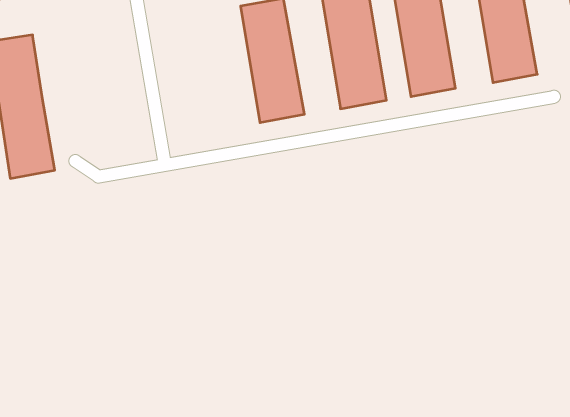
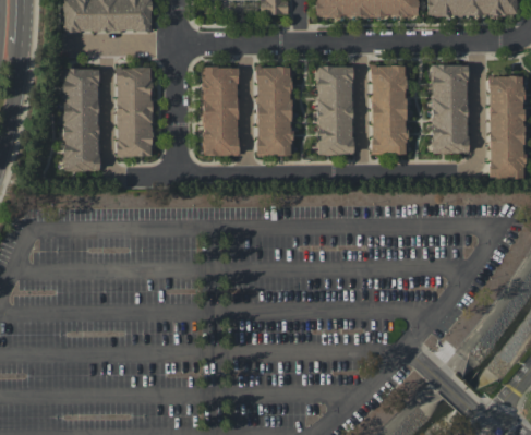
building: none -> [202,67,238,157]
building: none -> [125,71,161,160]

